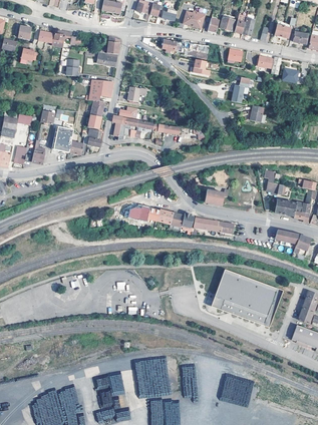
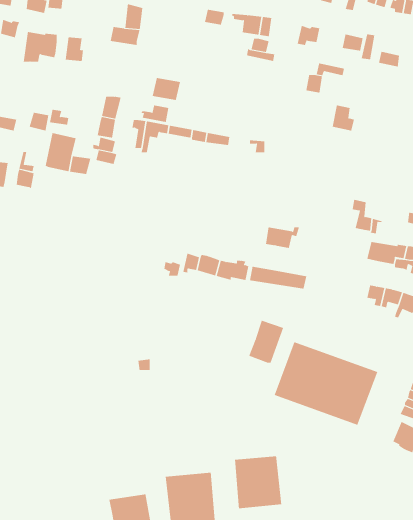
building: [88,79,112,100] -> [23,32,58,62]
building: none -> [249,320,284,364]
building: none -> [235,456,282,509]

